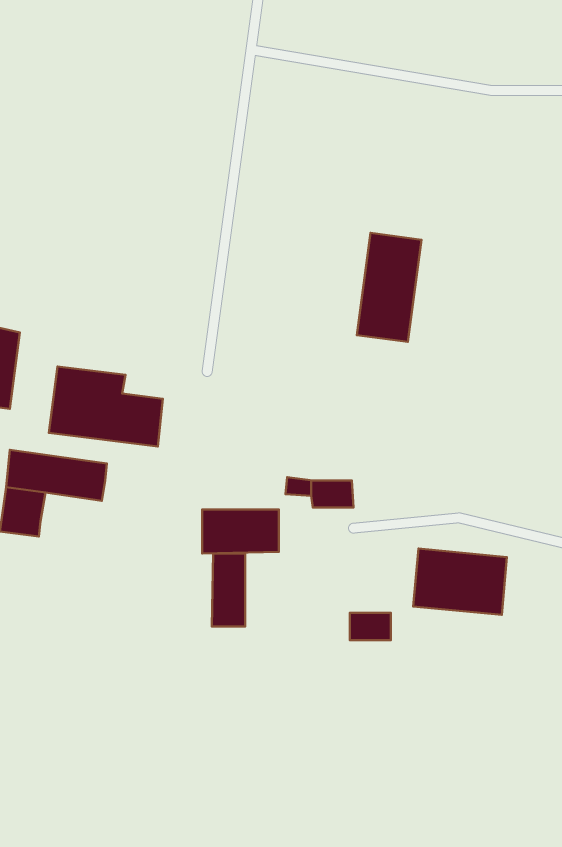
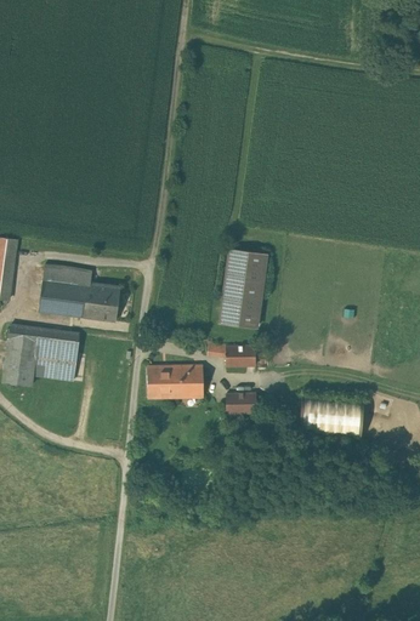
building: [357,233,422,342] -> [221,250,267,327]
building: none -> [33,354,76,380]
building: [212,553,245,626] -> none
building: [350,613,391,640] -> [227,393,256,412]

